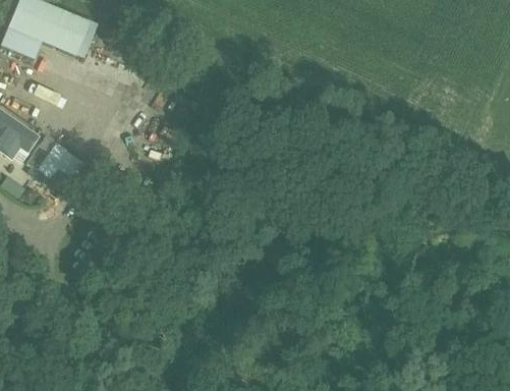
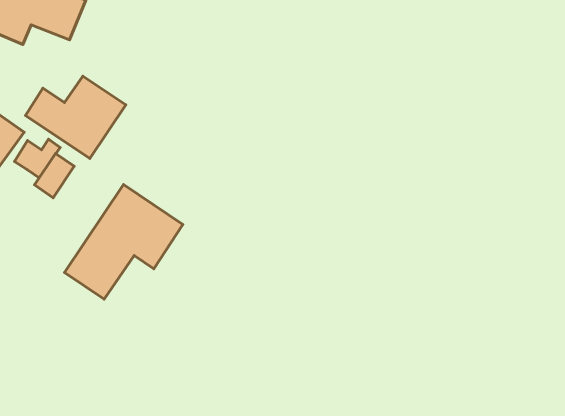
building: none -> [25,76,126,158]
building: none -> [65,185,183,299]

